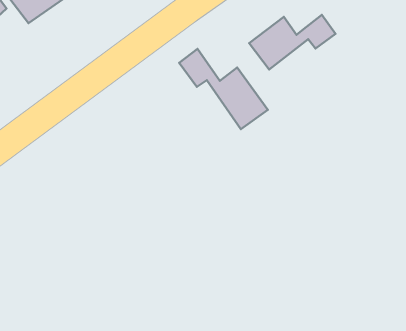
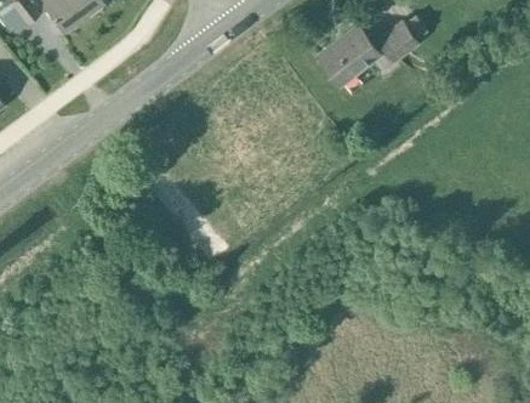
building: [179,49,268,129] -> none

